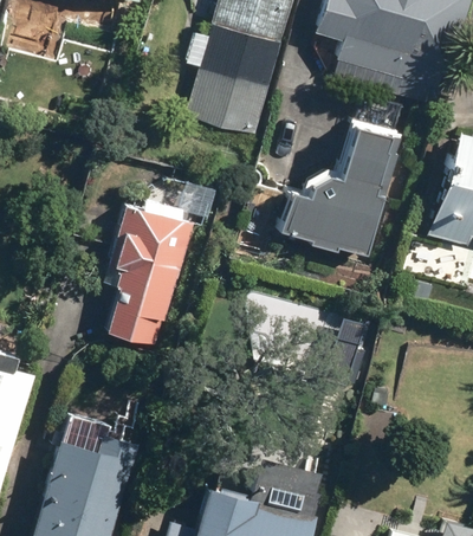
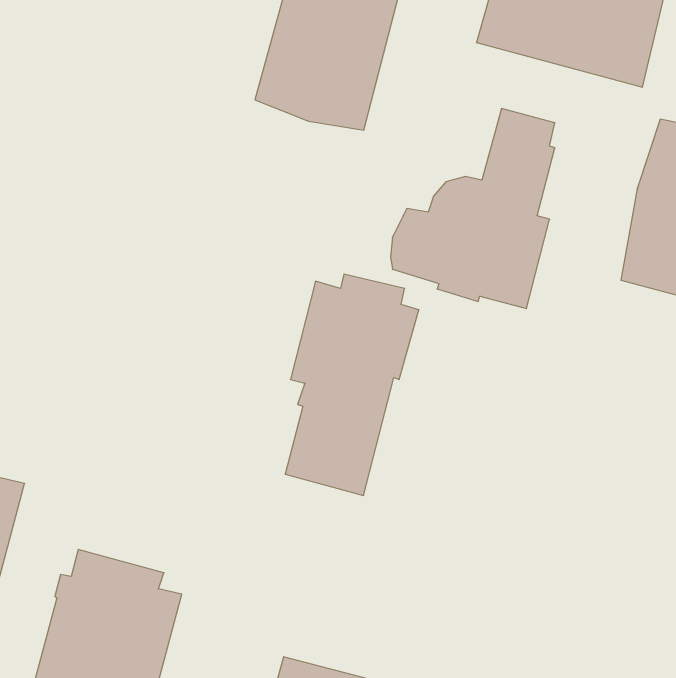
building: [105,201,194,348] -> [285,274,419,495]

